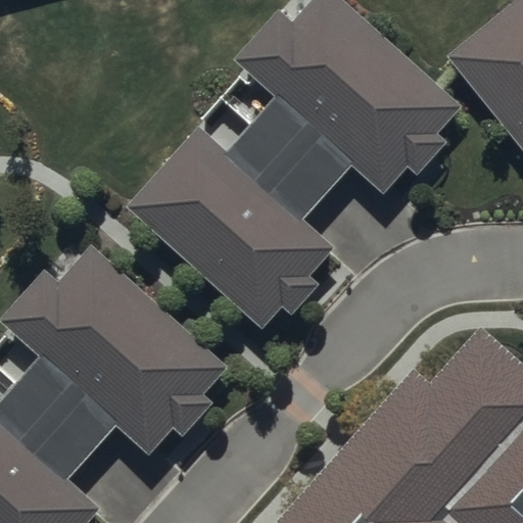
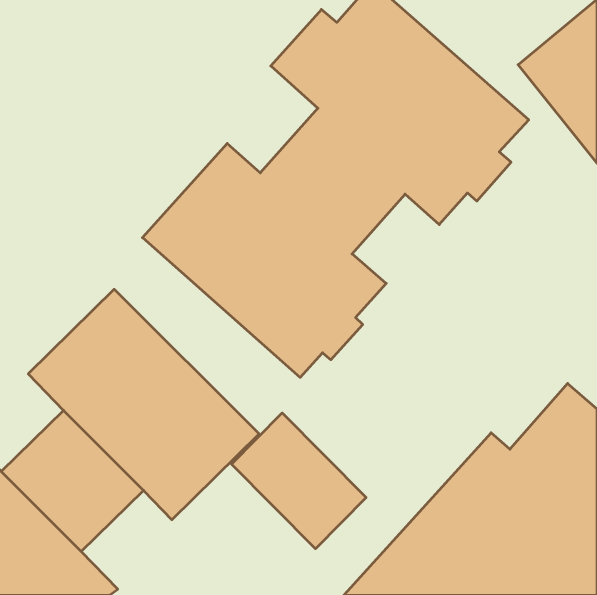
building: none -> [232,413,366,549]

